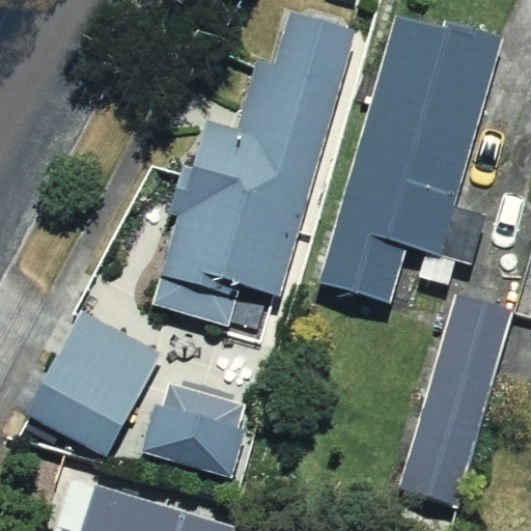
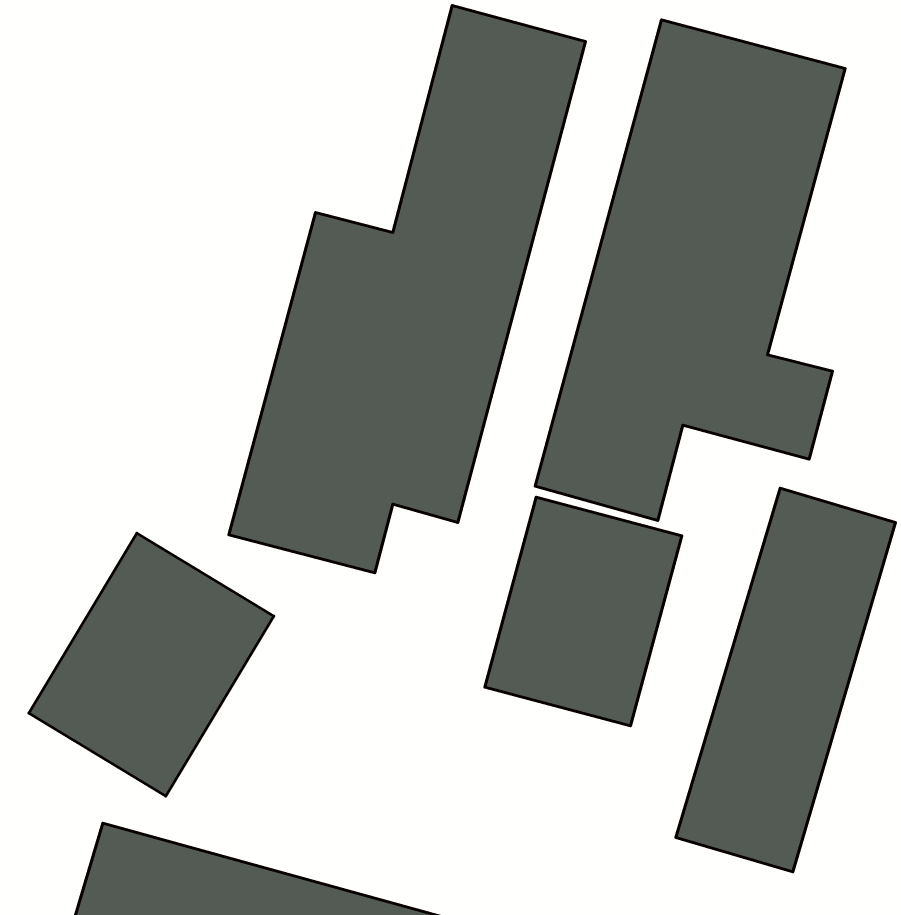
building: none -> [485,497,682,726]
building: [157,387,255,483] -> none

